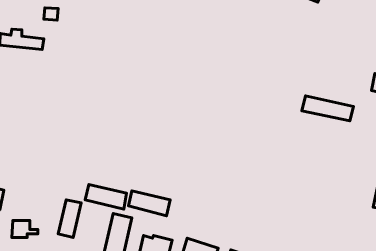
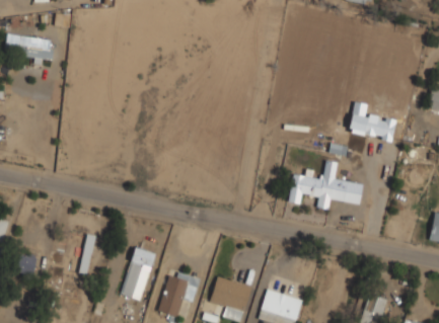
building: none -> [289,161,364,210]
building: [85,184,127,209] -> none
building: [129,191,170,216] -> none

